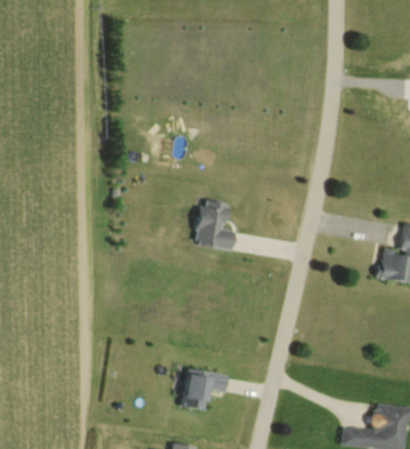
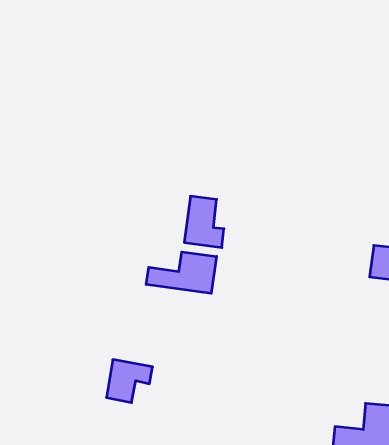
building: none -> [146,252,217,293]
building: [182,369,228,411] -> [106,360,153,403]

